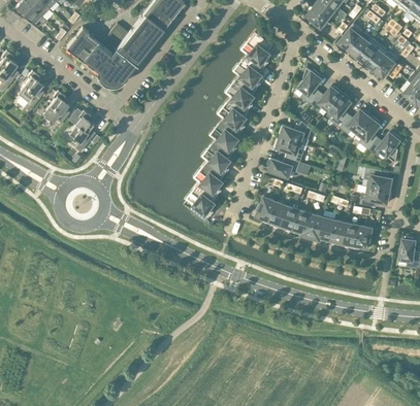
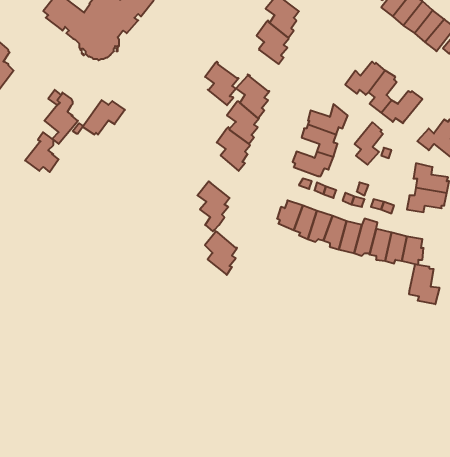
building: [297,67,322,104] -> none
building: [230,74,257,109] -> [205,62,239,105]
building: [42,91,69,123] -> [25,132,59,172]
building: [357,115,380,149] -> [355,122,383,165]
building: none -> [82,100,125,135]
building: [199,160,225,195] -> [205,231,237,275]
building: none -> [409,264,439,304]

